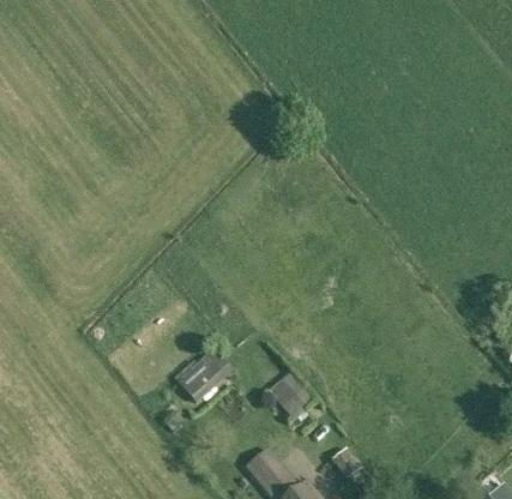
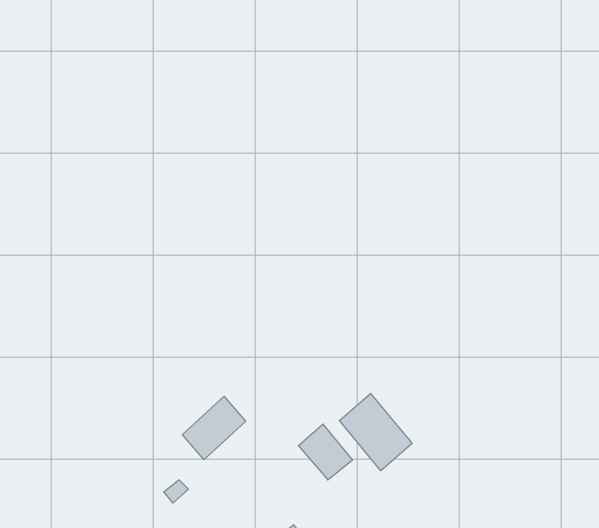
building: none -> [339,393,412,471]

